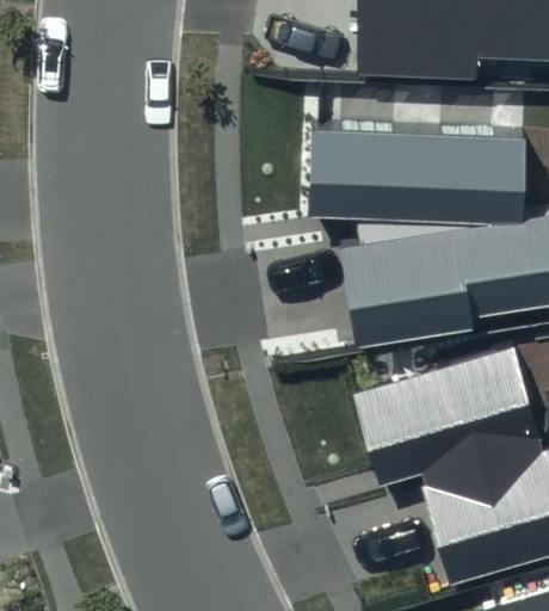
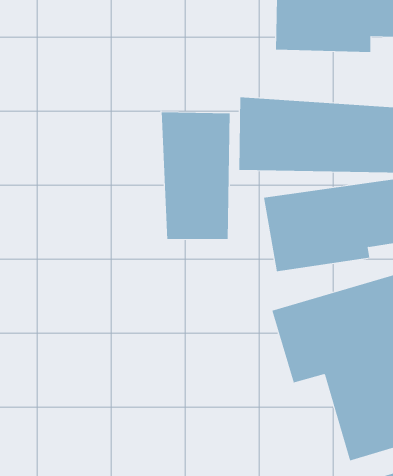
building: none -> [161,111,230,240]

